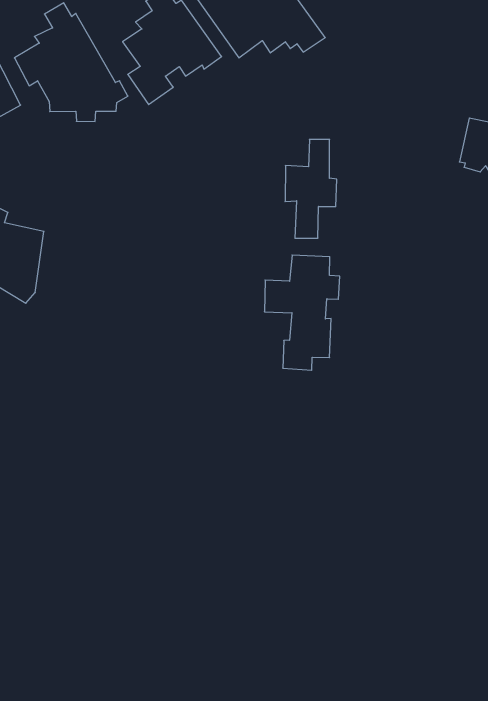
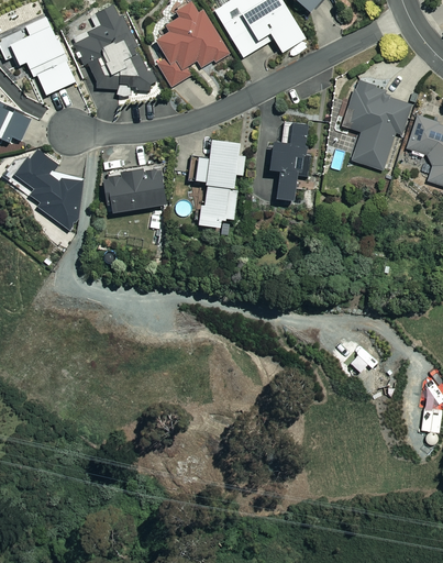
building: none -> [342,80,411,170]
building: none -> [104,167,167,211]
building: [264,255,340,370] -> [187,139,246,228]

